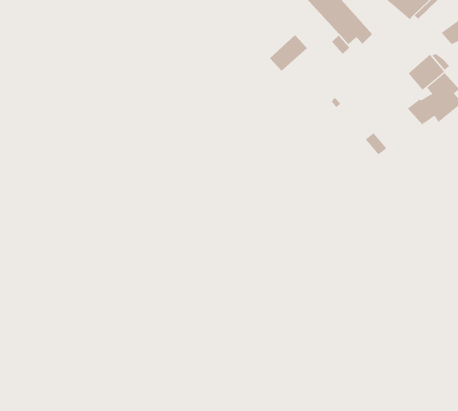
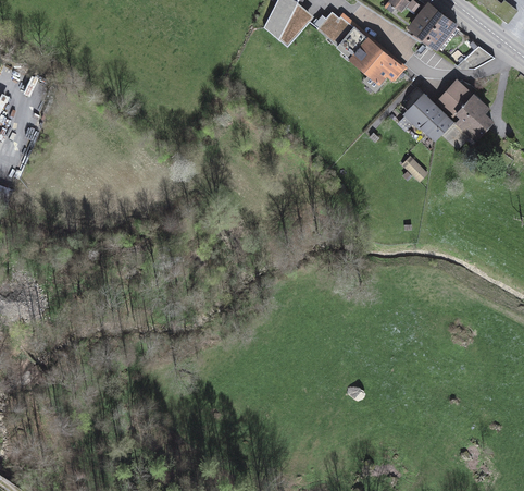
building: [269,35,308,72] -> none
building: none -> [403,86,451,137]

